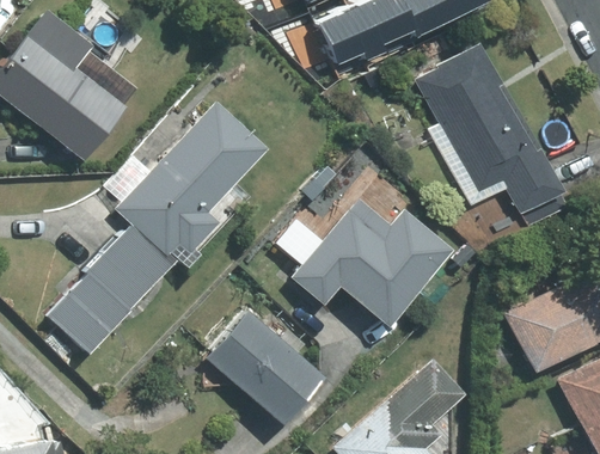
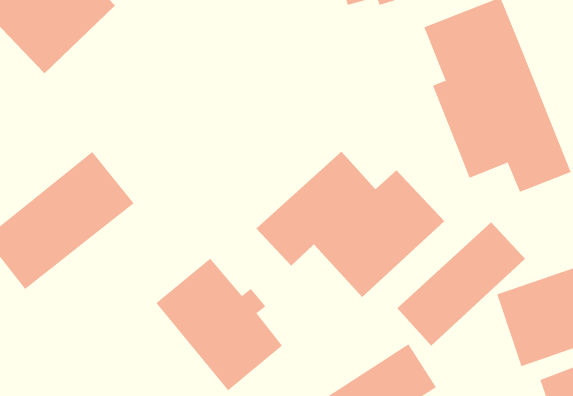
building: [115,102,269,265] -> none
building: none -> [397,222,526,346]

